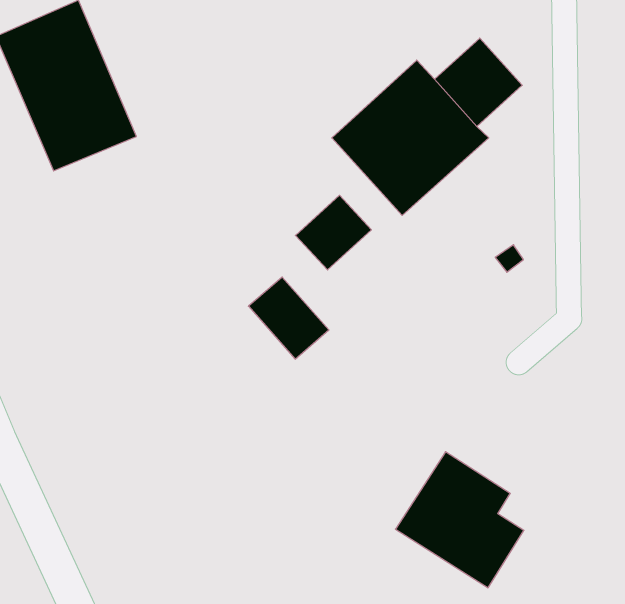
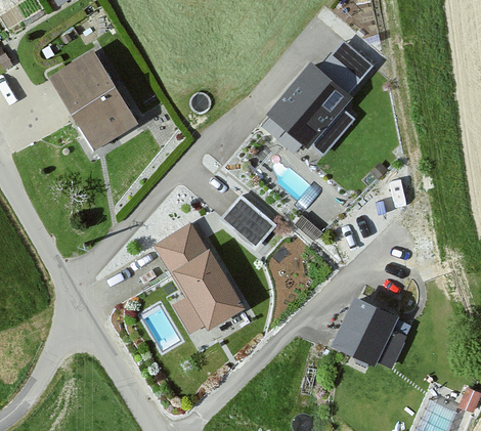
building: [295,195,371,270] -> none
building: none -> [158,226,246,335]

